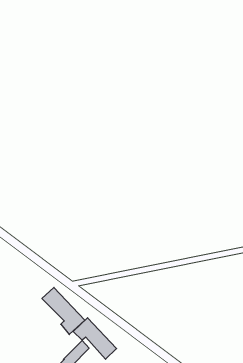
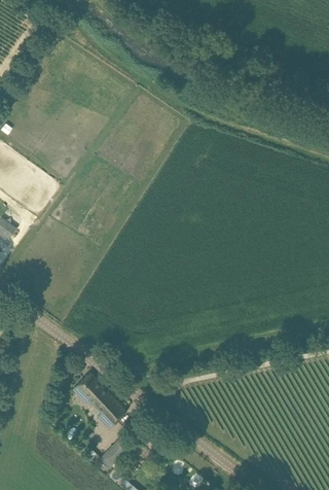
building: [73,318,117,359] -> none

